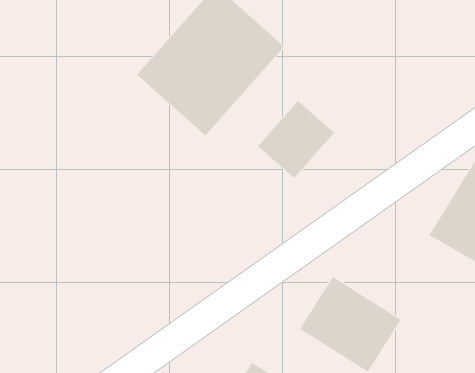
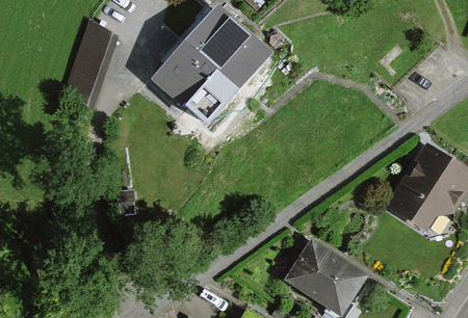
building: none -> [70,22,116,84]
building: [257,100,335,179] -> none

